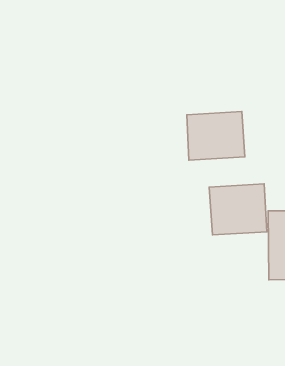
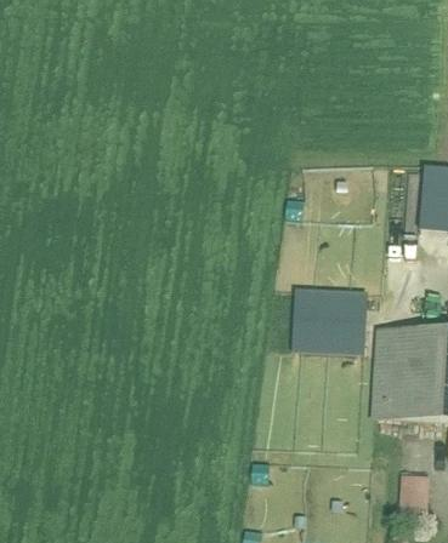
building: [187,112,245,160] -> none

